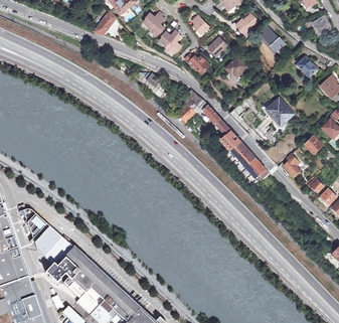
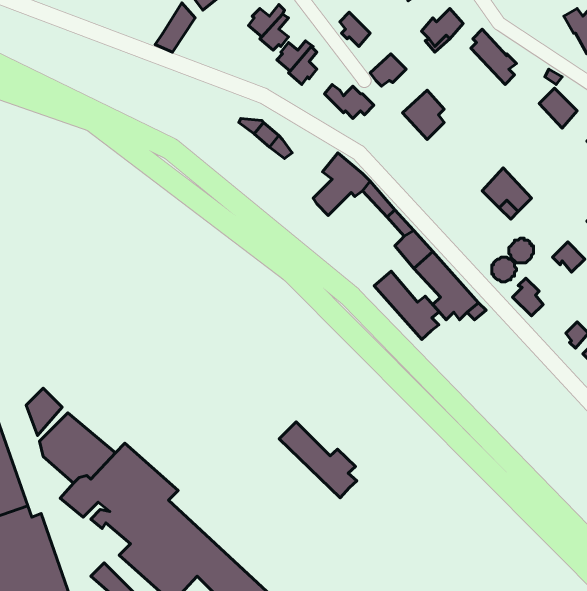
building: none -> [374,271,439,339]
building: none -> [279,422,357,498]

